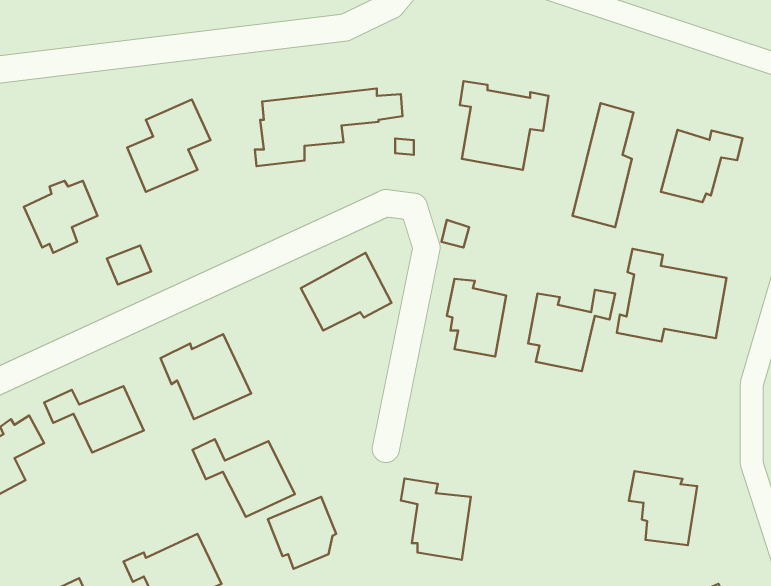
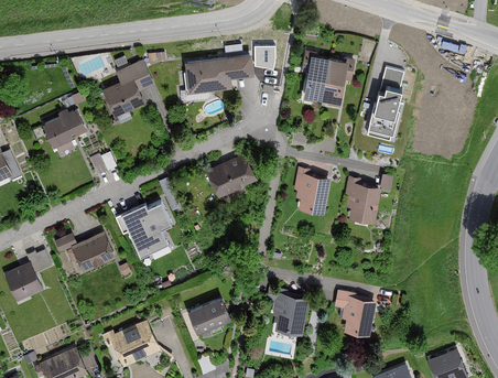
building: [661,130,742,202] -> none
building: [617,249,727,342] -> none
building: [193,439,295,517] -> none
building: [629,471,697,545] -> [334,291,375,335]

